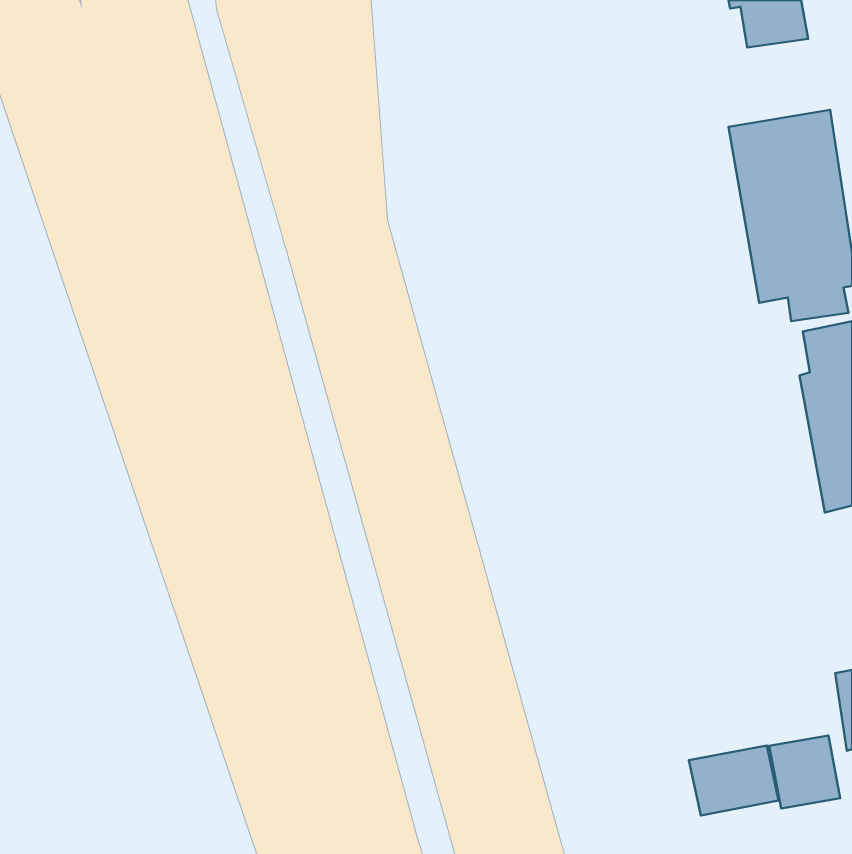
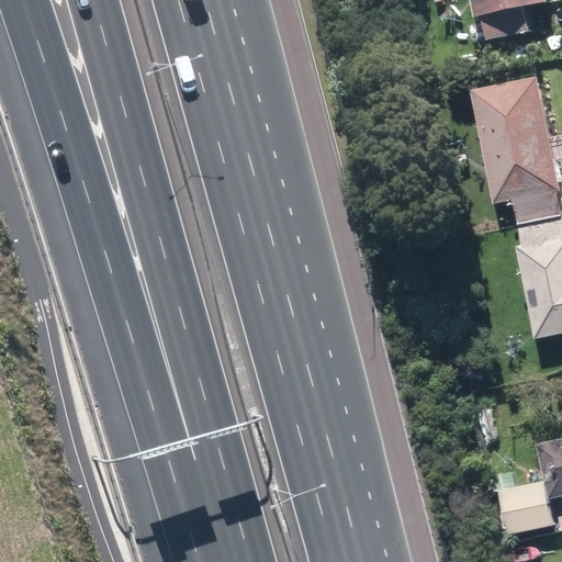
building: [689,745,779,815] -> none

